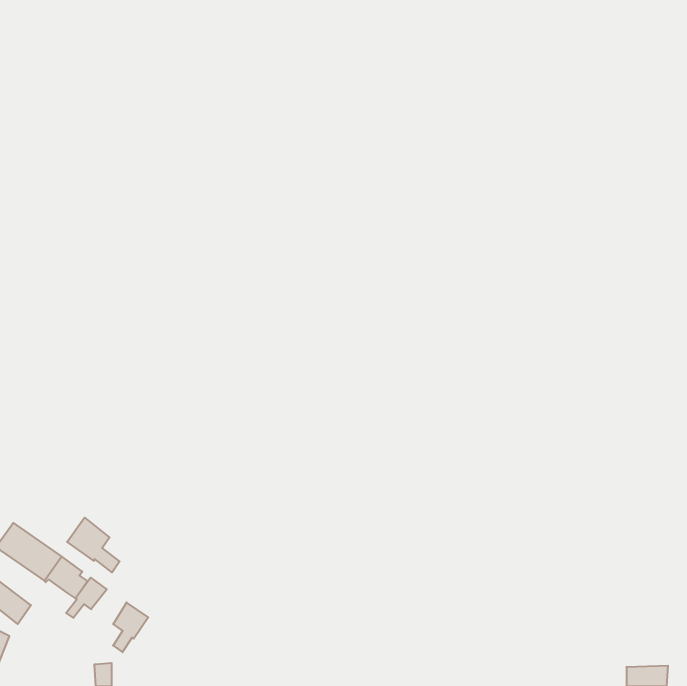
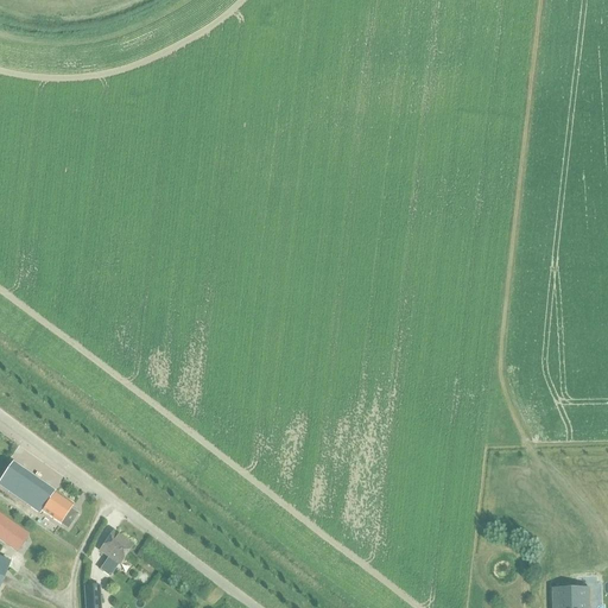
building: [67,518,120,572] -> none
building: [66,578,107,618] -> none

